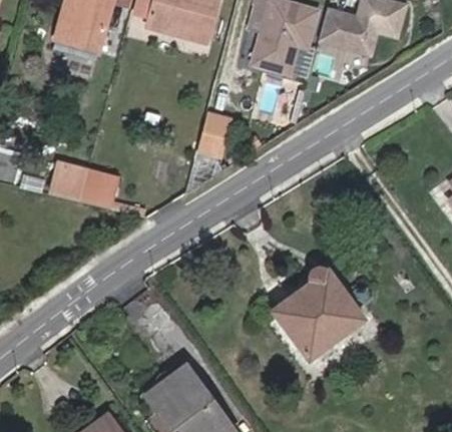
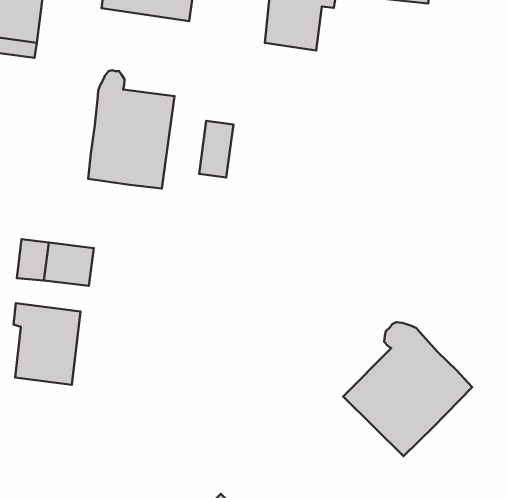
building: none -> [88,70,175,189]
building: none -> [13,303,81,385]

